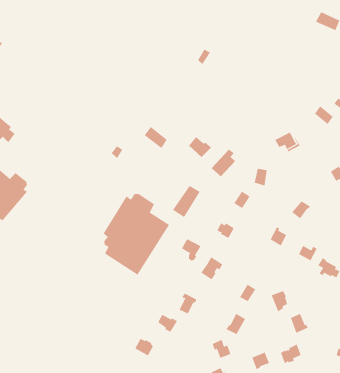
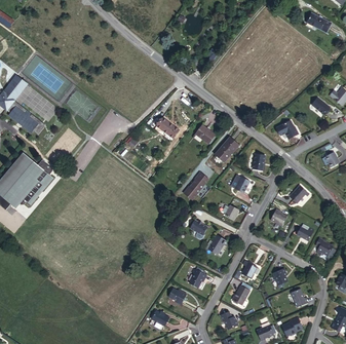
building: [103,193,170,275] -> none

